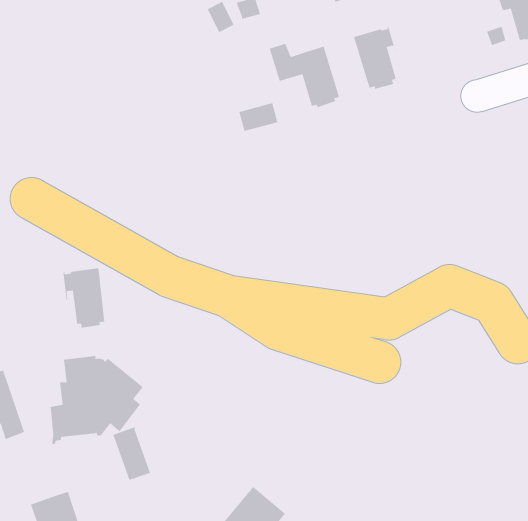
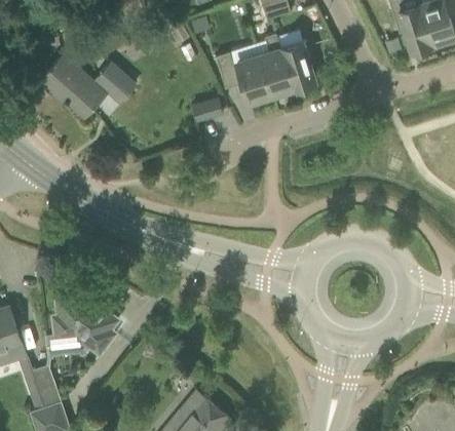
building: none -> [259,34,294,94]
building: none -> [39,54,136,116]
building: [63,267,105,328] -> none
building: [110,426,151,480] -> [30,364,62,406]

